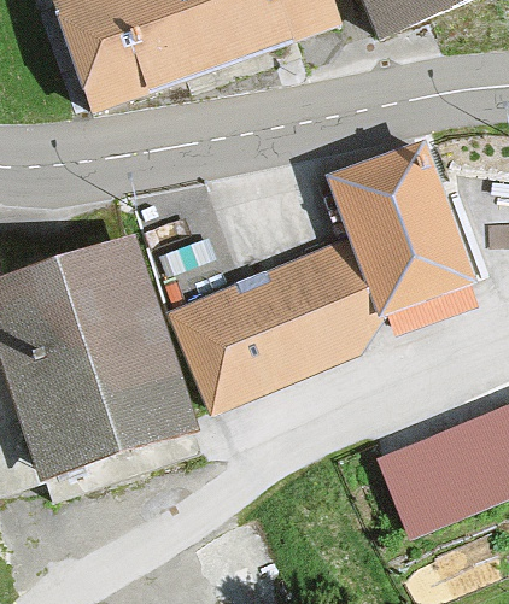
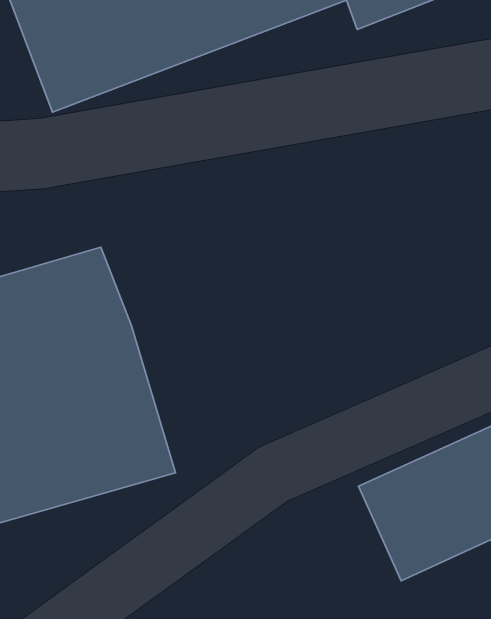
building: [326,141,474,319] -> none
building: [165,241,369,415] -> none

